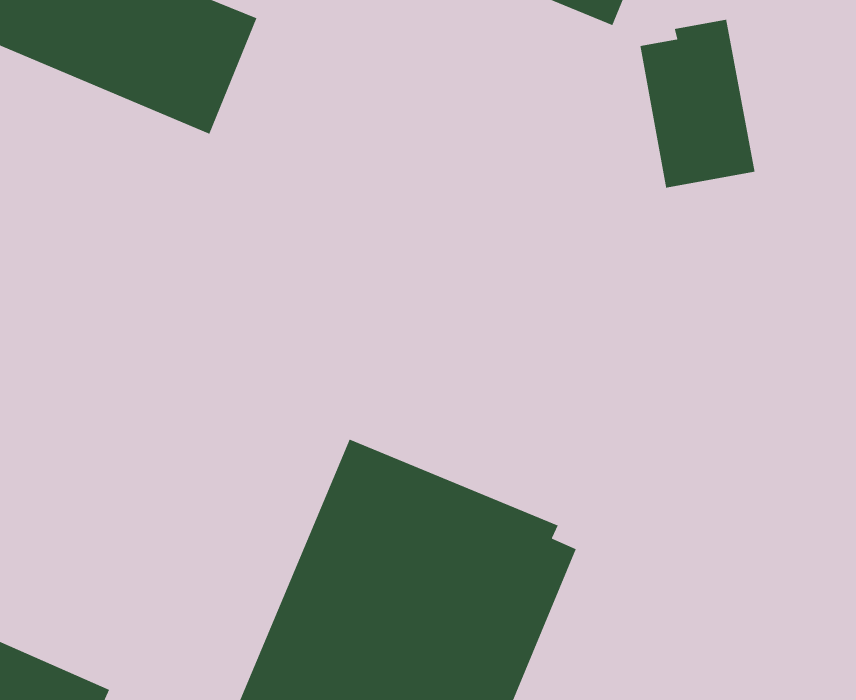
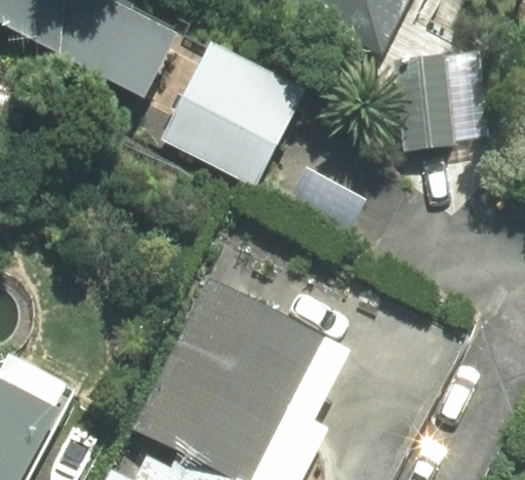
building: none -> [160,40,307,186]

